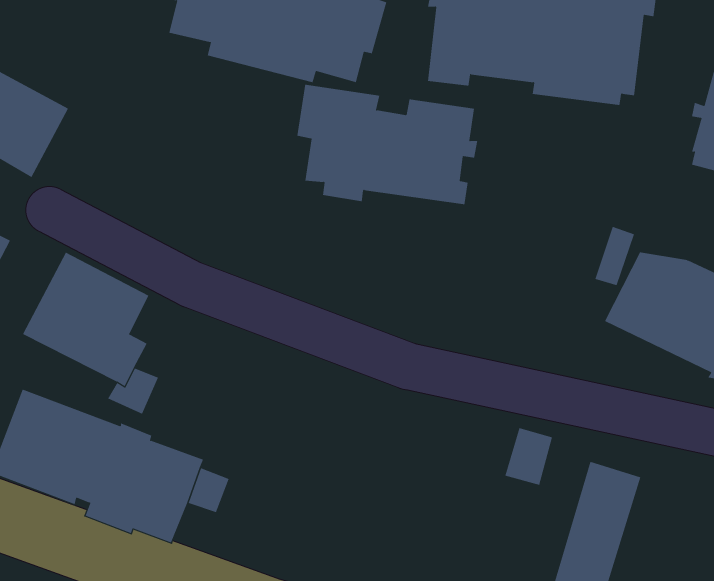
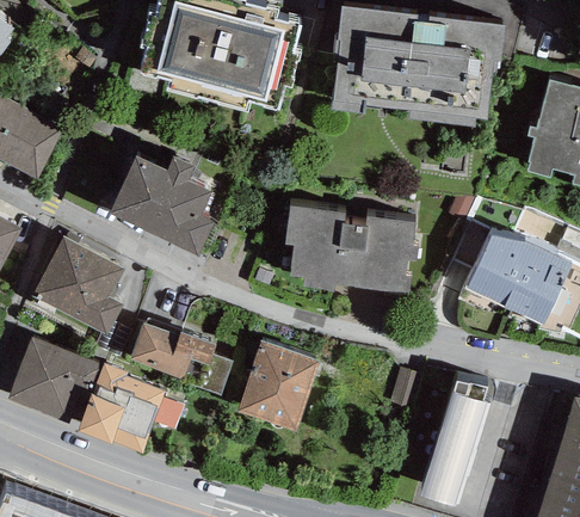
building: [296,84,478,205] -> [283,203,418,293]
building: none -> [107,154,214,254]
building: none -> [129,321,233,394]
building: none -> [236,339,317,429]

